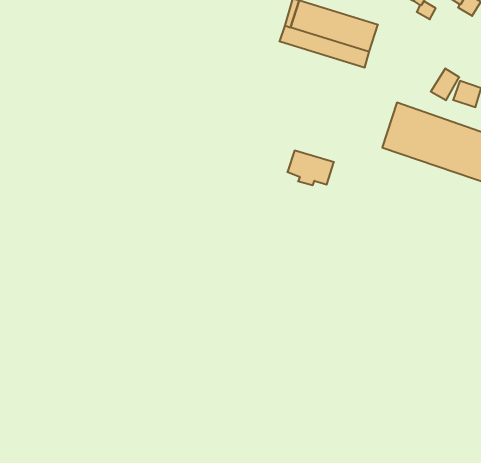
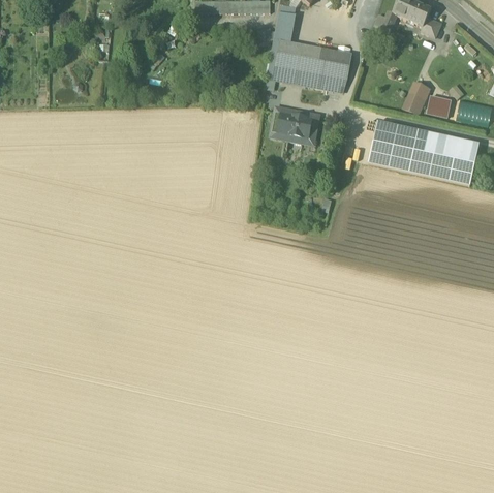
building: [287,151,334,185] -> [277,112,317,141]

